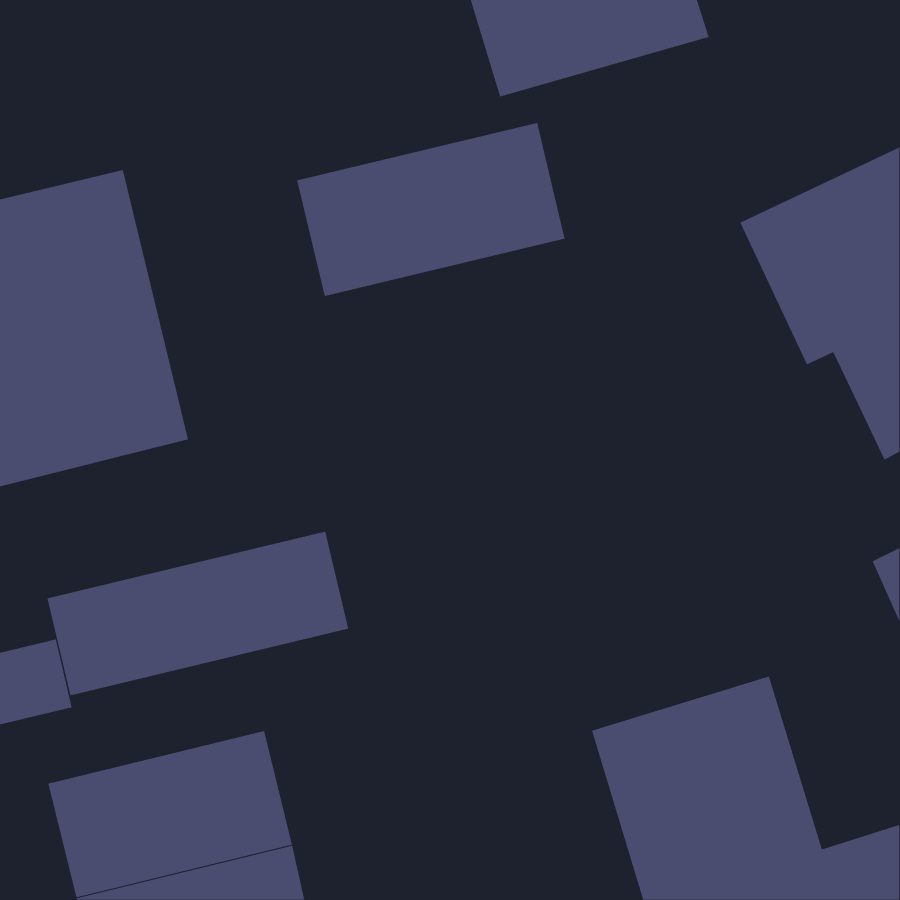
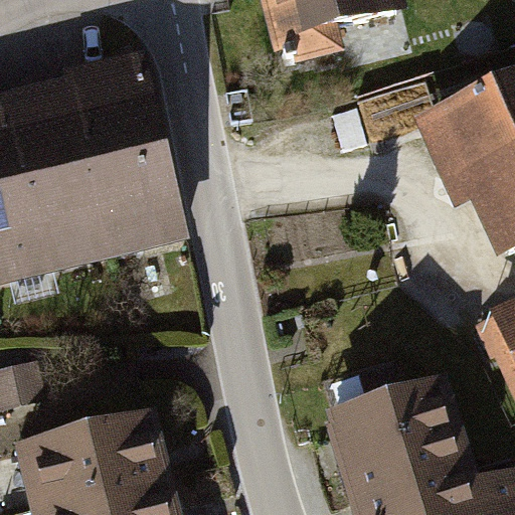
building: none -> [70,54,183,250]
building: [297,122,565,297] -> none
building: [47,531,349,696] -> none

